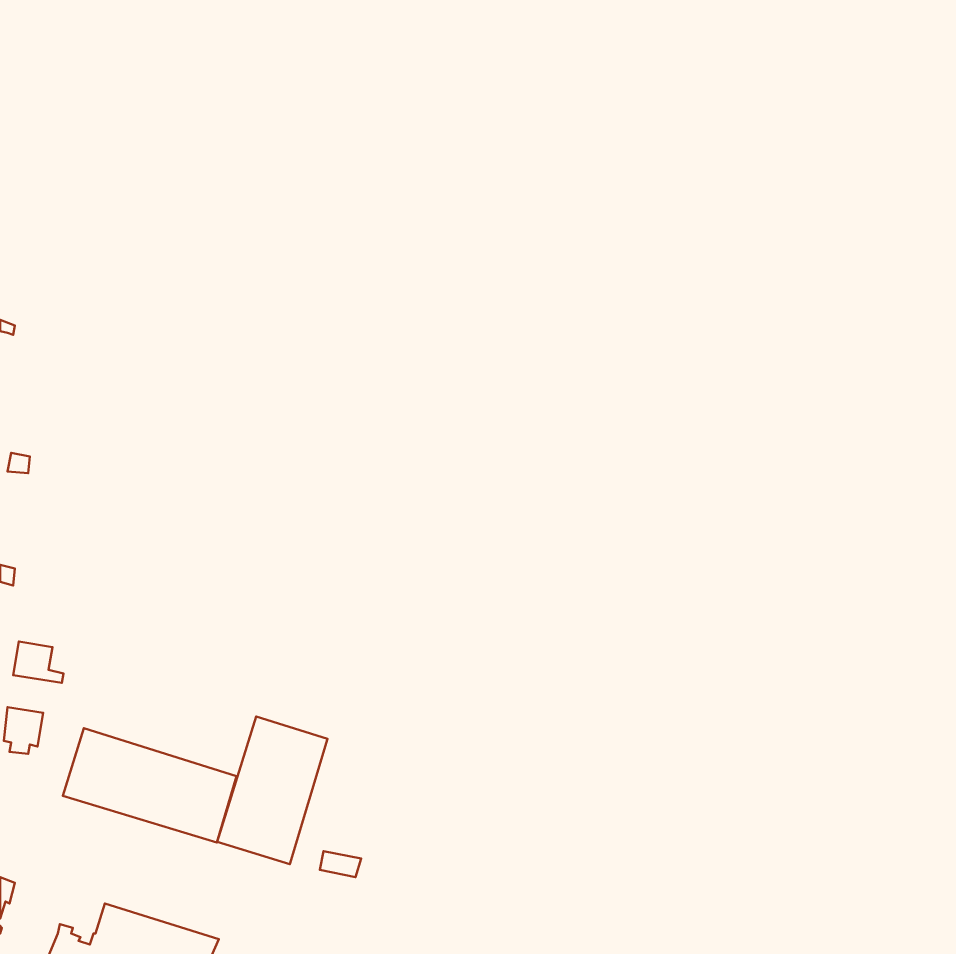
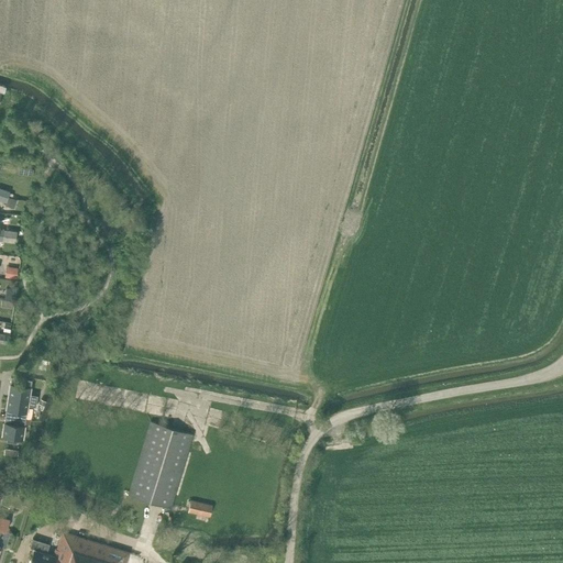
building: none -> [4,398,36,420]
building: [63,728,236,843] -> none

